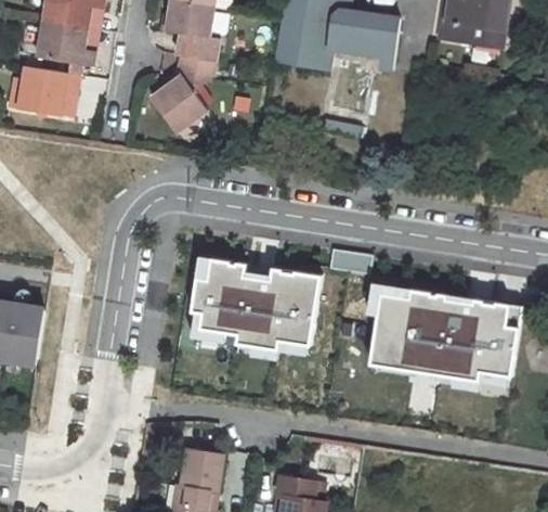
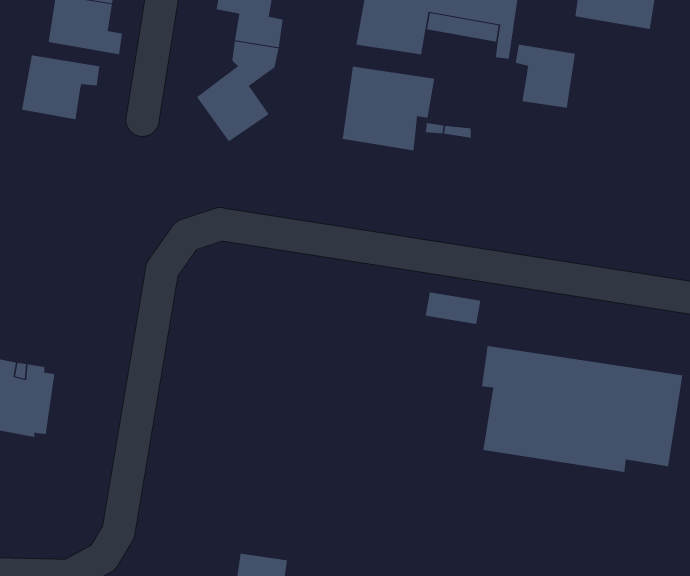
building: none -> [515,44,576,108]
building: none -> [342,66,435,151]
building: [192,255,321,359] -> none

